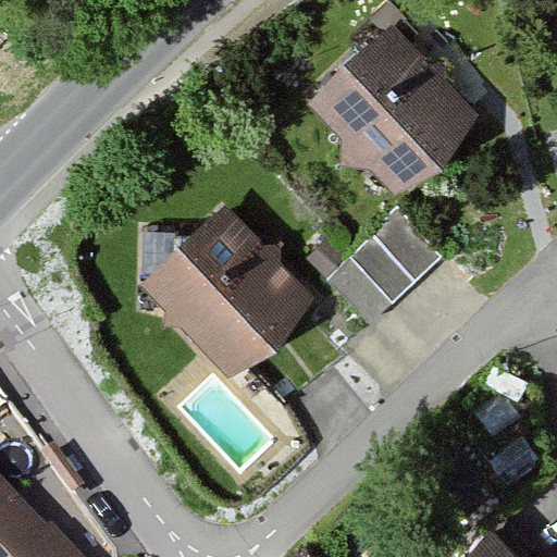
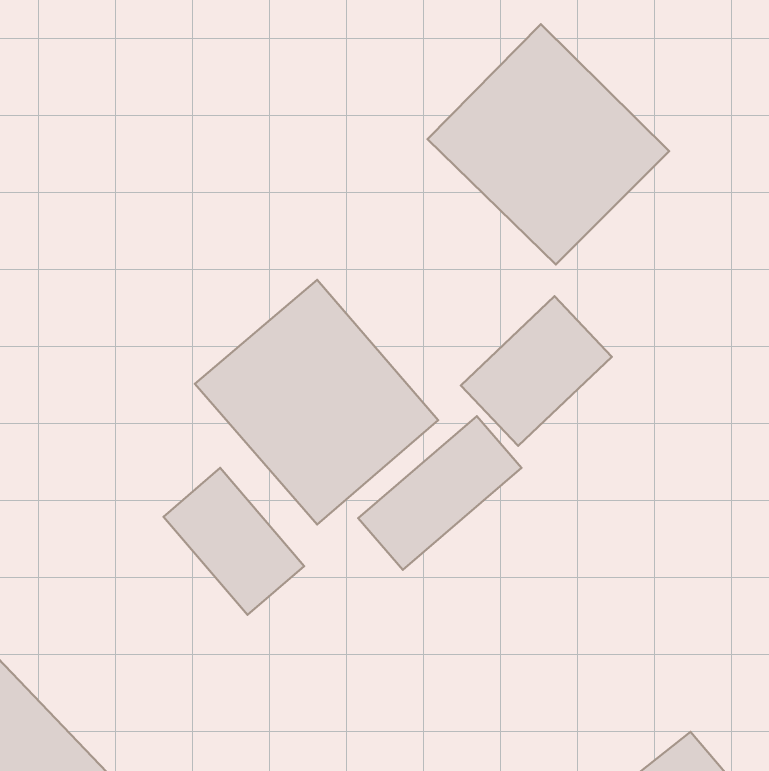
building: none -> [358,416,521,570]
building: none -> [163,468,304,615]

